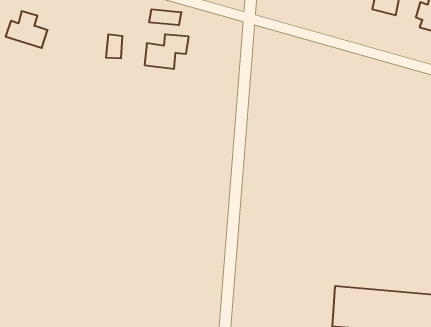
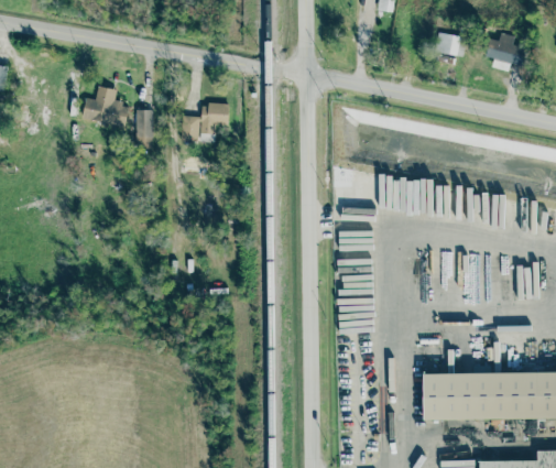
building: [149,9,181,25] -> none
building: [6,11,48,48] -> [81,86,129,126]

